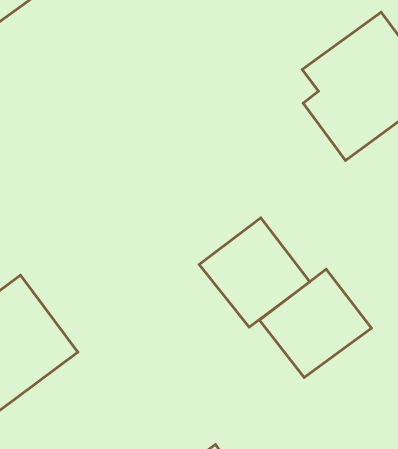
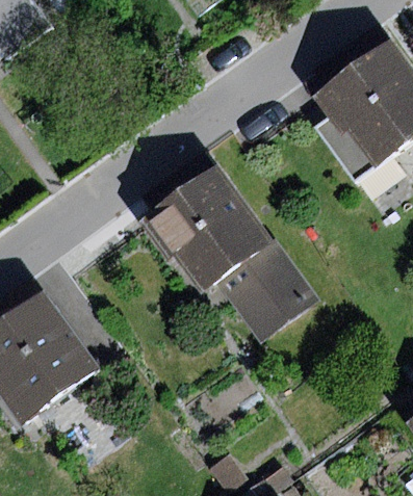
building: none -> [139,162,273,294]
building: [260,269,372,378] -> none

